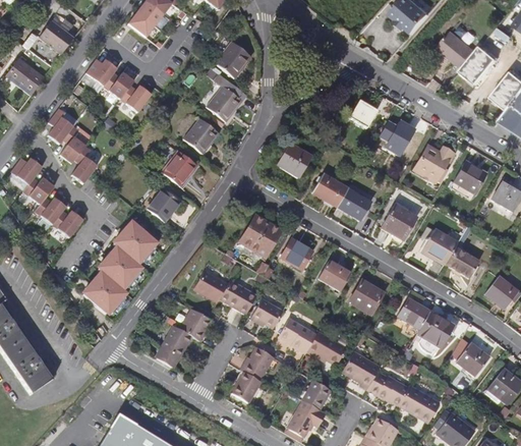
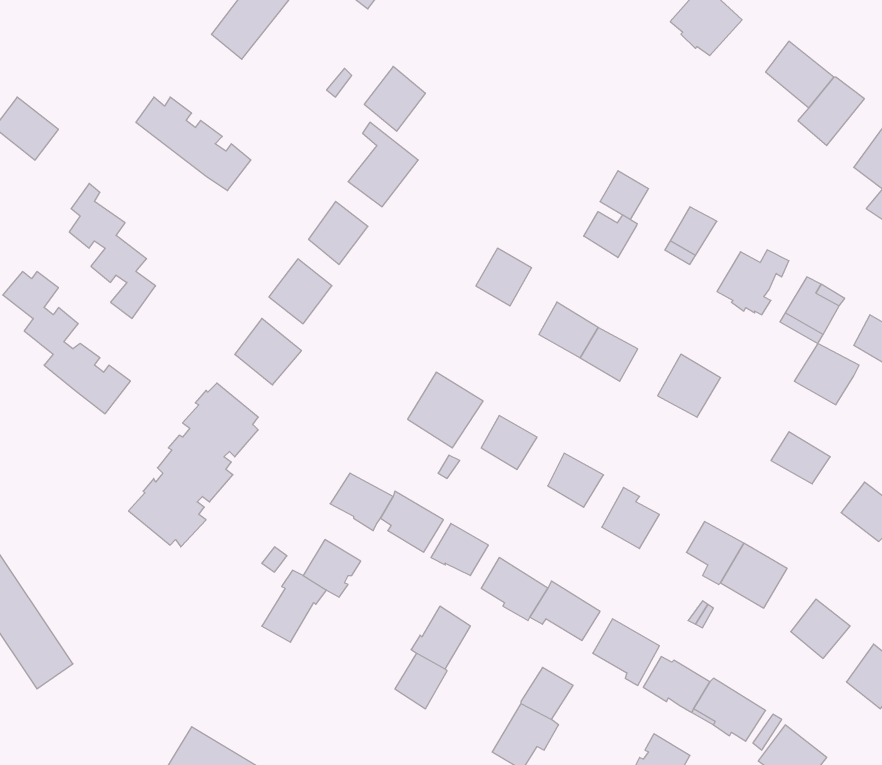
building: [39,18,73,52] -> none
building: none -> [584,212,637,258]
building: [421,229,458,264] -> [794,344,859,405]

